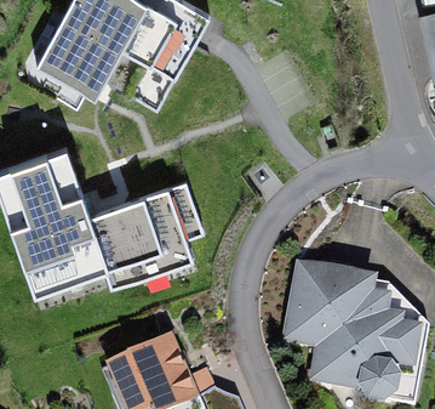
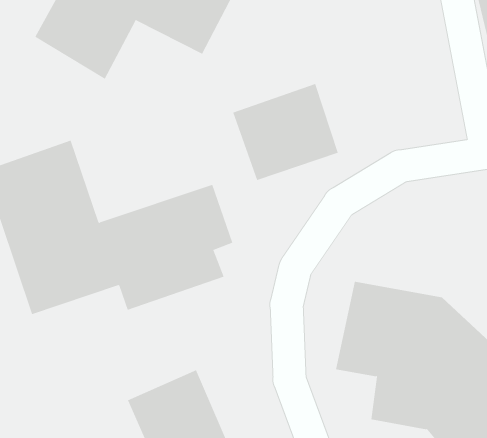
building: none -> [233,83,339,181]

